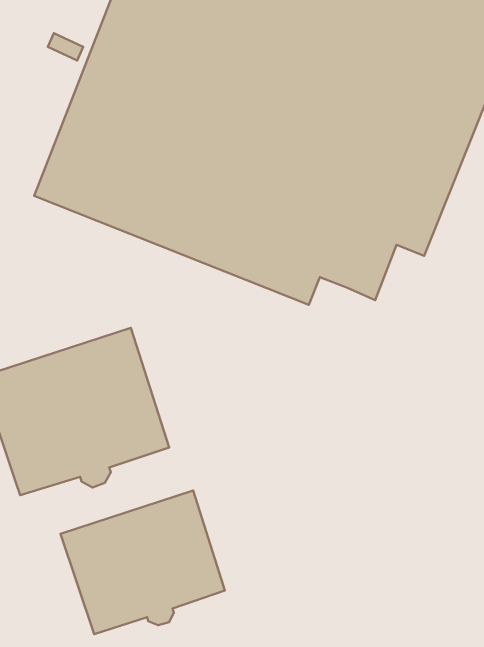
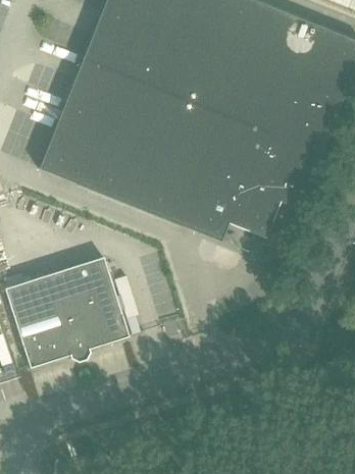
building: [61,491,225,634] -> none

